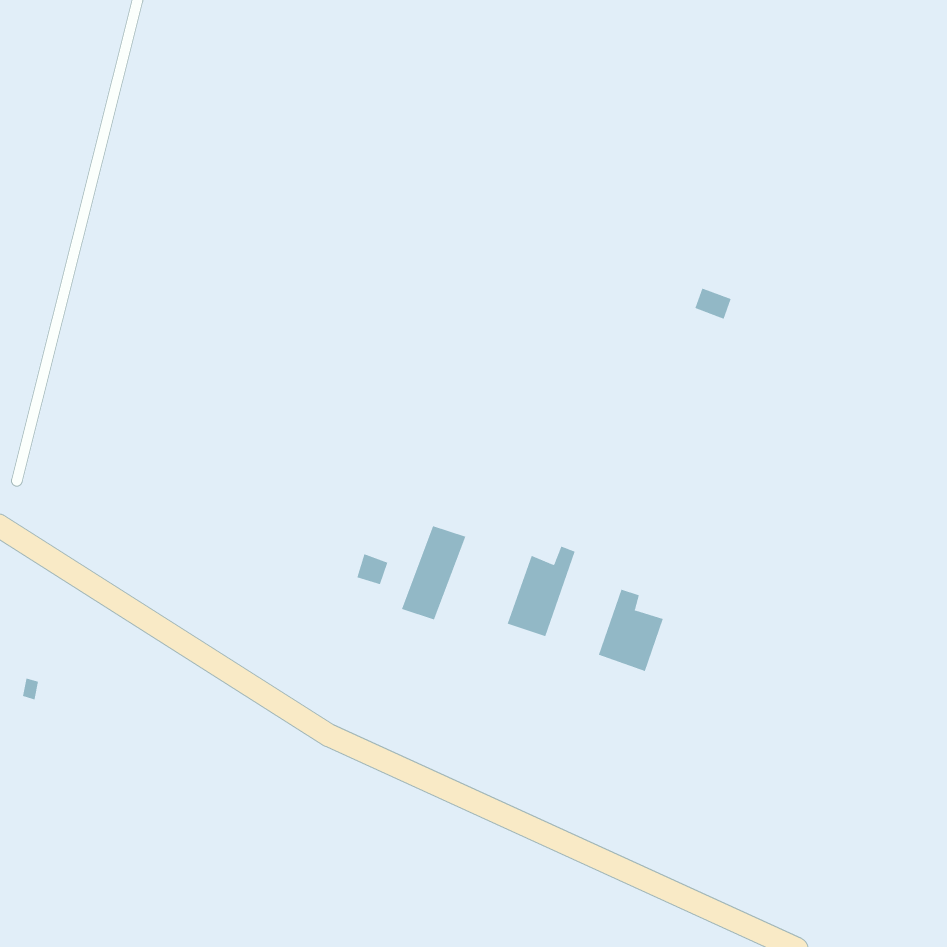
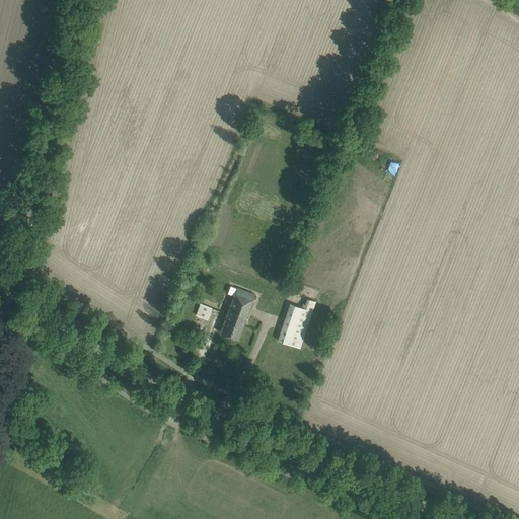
building: [598,589,663,672] -> none

